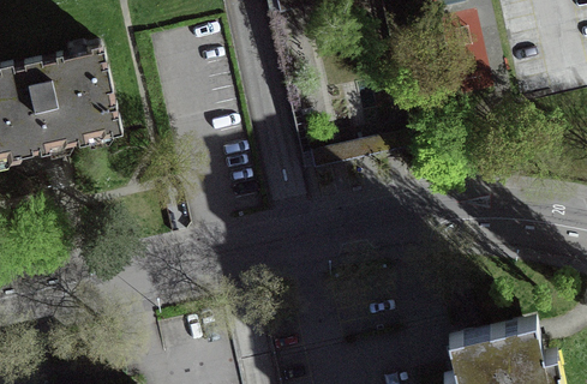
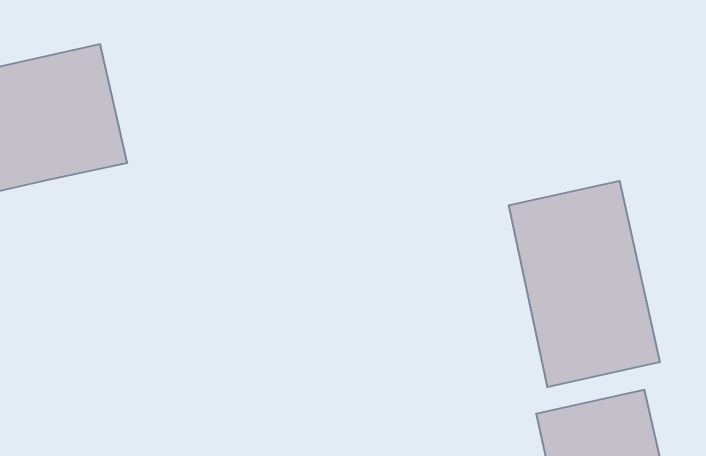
building: none -> [509,181,660,387]

